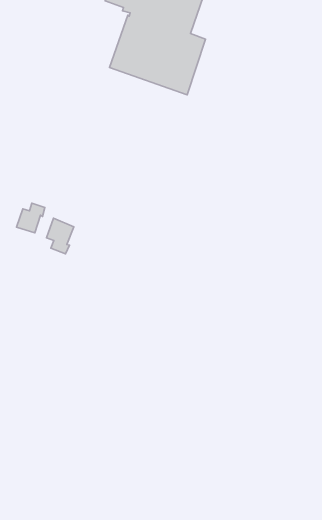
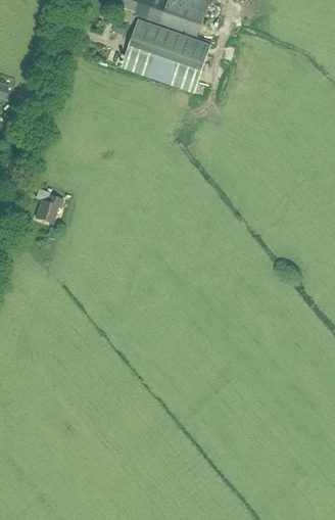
building: [47,218,74,254] -> none

